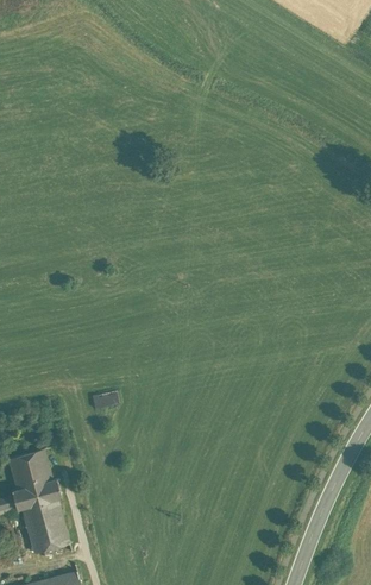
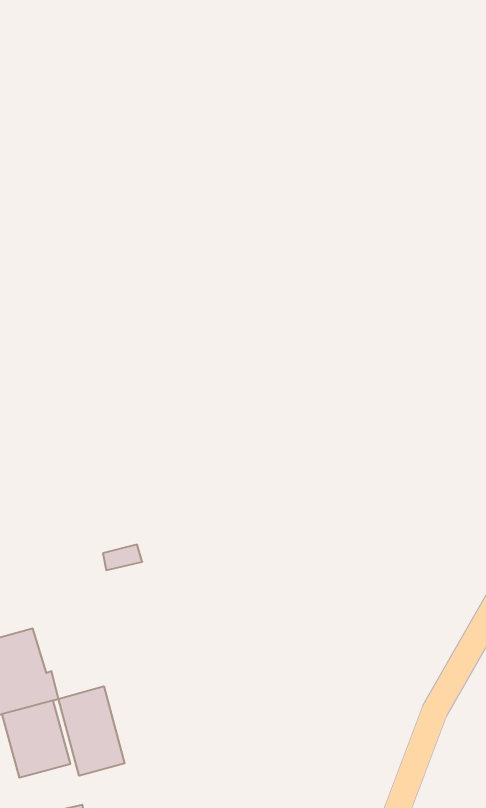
building: none -> [58,686,125,776]

